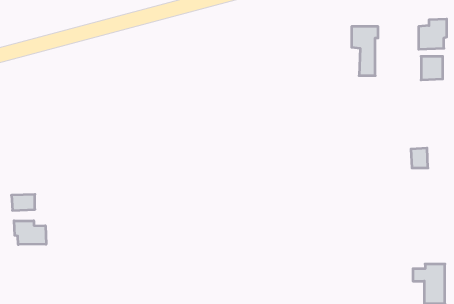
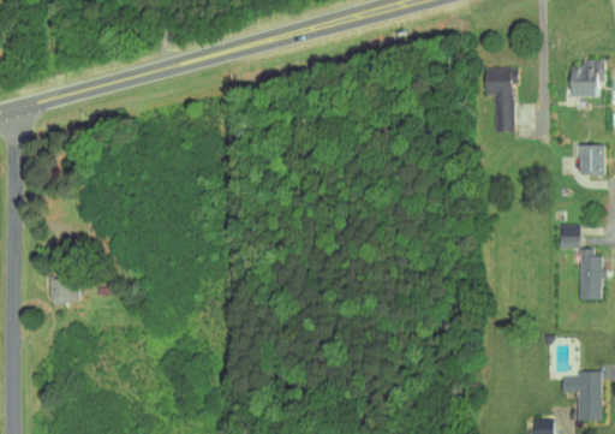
building: [421,56,443,80] -> [577,144,604,174]
building: none -> [578,250,603,298]
building: [14,221,46,245] -> none

